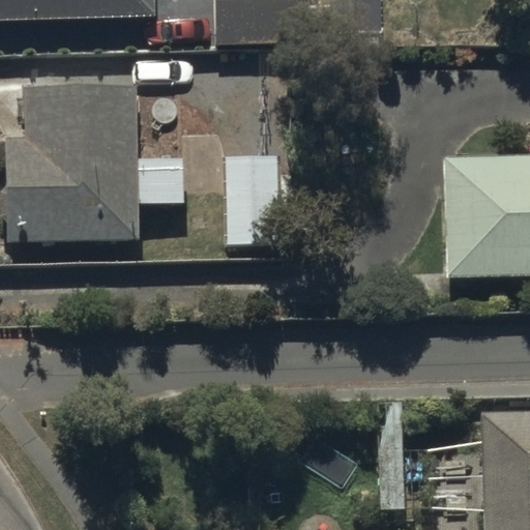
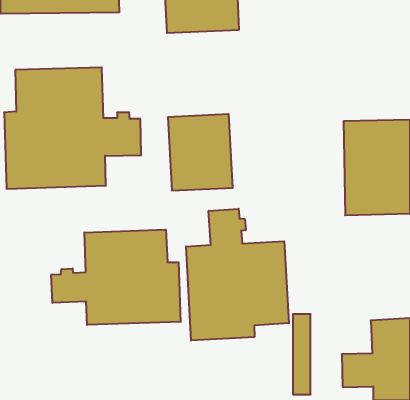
building: none -> [186,209,289,341]
building: none -> [51,230,181,325]

